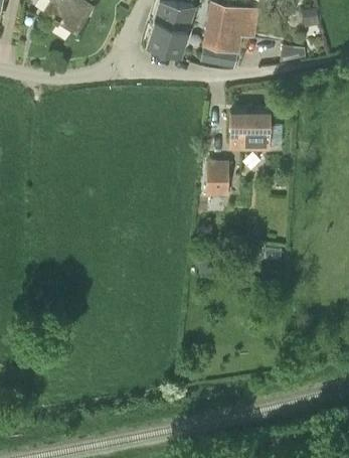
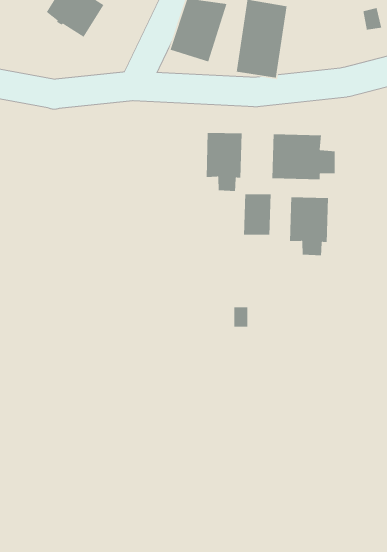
building: none -> [206,132,242,192]
building: none -> [289,196,329,256]

